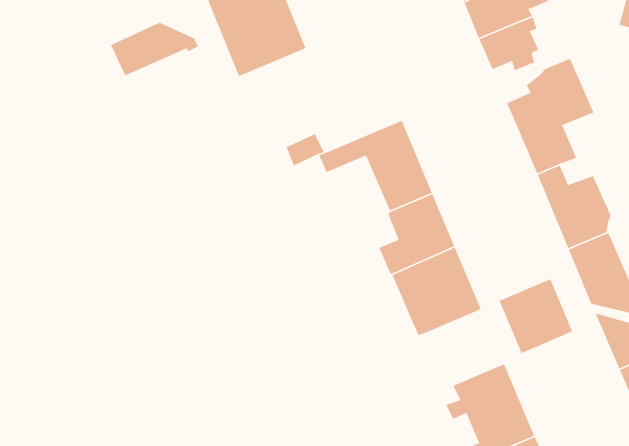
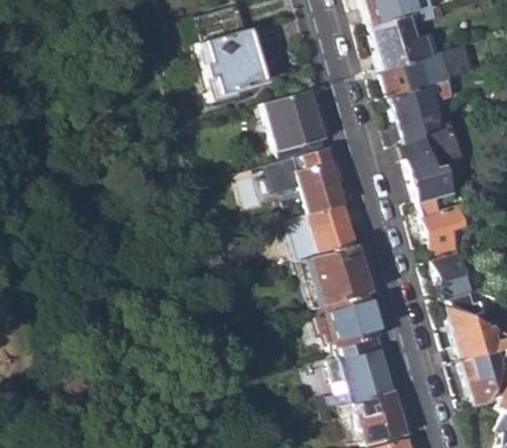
building: [110,22,199,77] -> none
building: none -> [267,91,326,150]
building: [499,278,573,354] -> [328,295,379,347]

